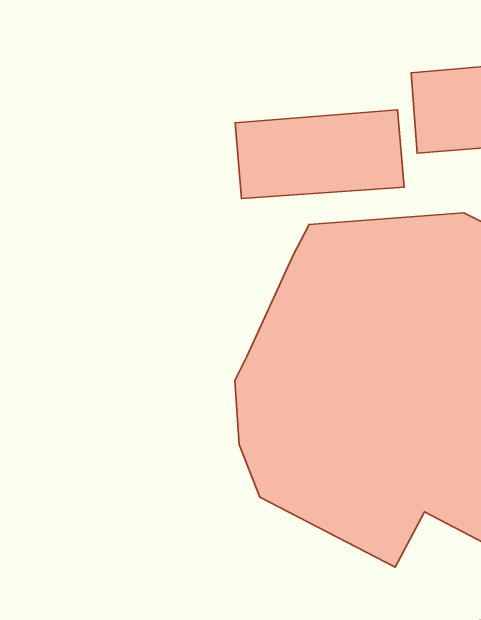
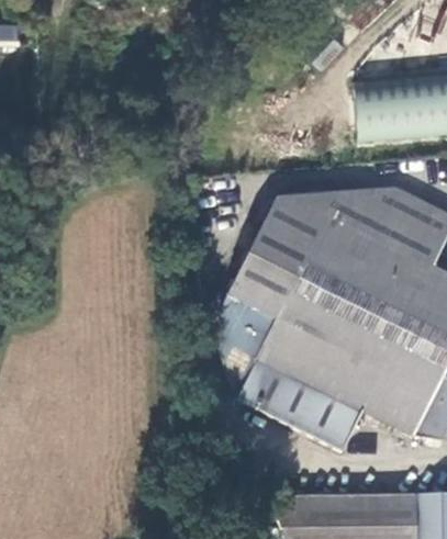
building: [235,110,404,199] -> none

